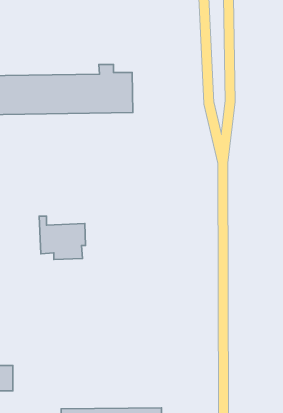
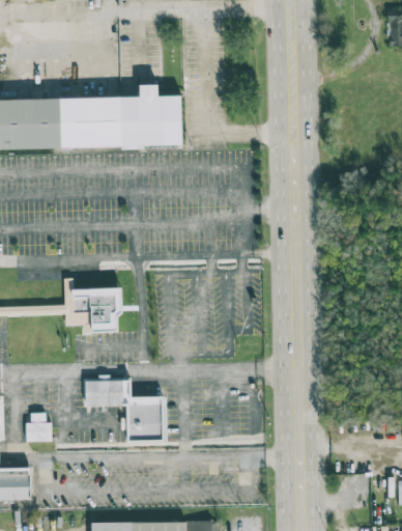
building: none -> [82,380,165,442]
building: none -> [25,413,51,442]

